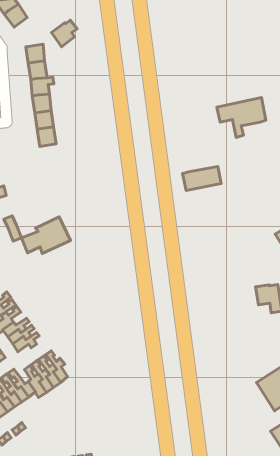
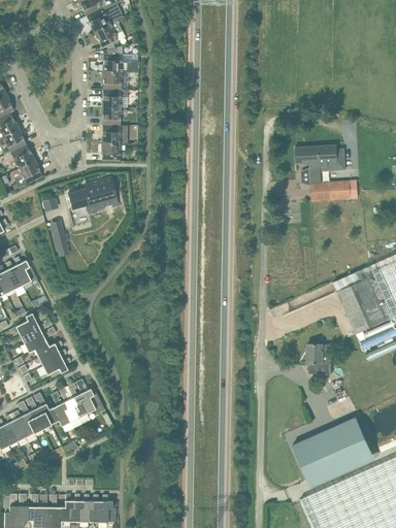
building: [51,20,77,47] -> [94,22,122,48]
building: [183,166,221,191] -> [310,182,350,202]
building: [21,217,71,253] -> [67,177,119,213]

